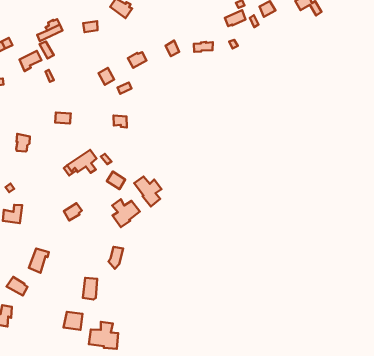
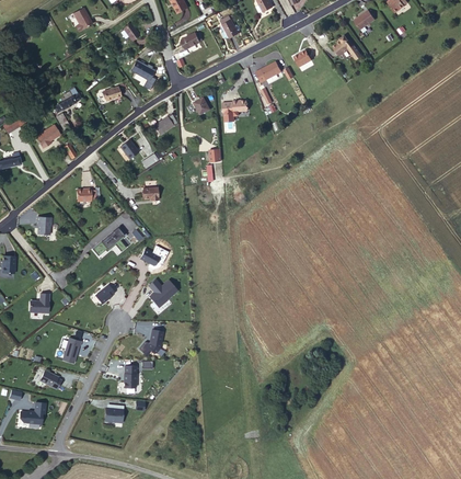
building: [134,176,161,206] -> none
building: [89,322,118,349] -> none

